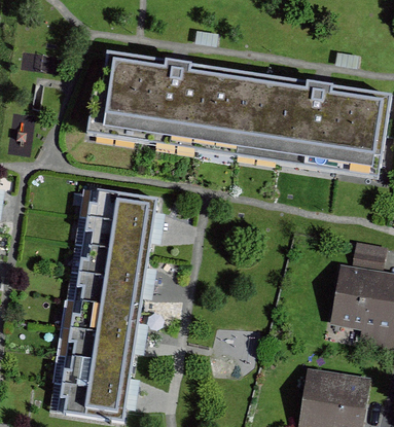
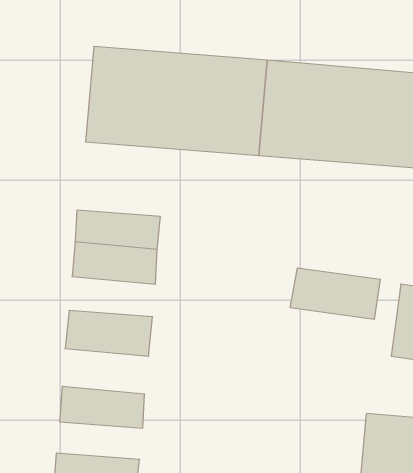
building: [78,234,148,270] -> none
building: none -> [290,268,380,319]
building: [69,290,139,330] -> none
building: [61,348,131,382] -> none

